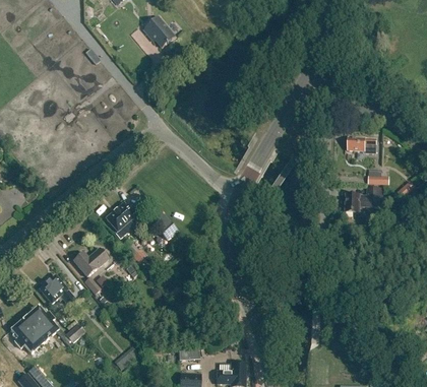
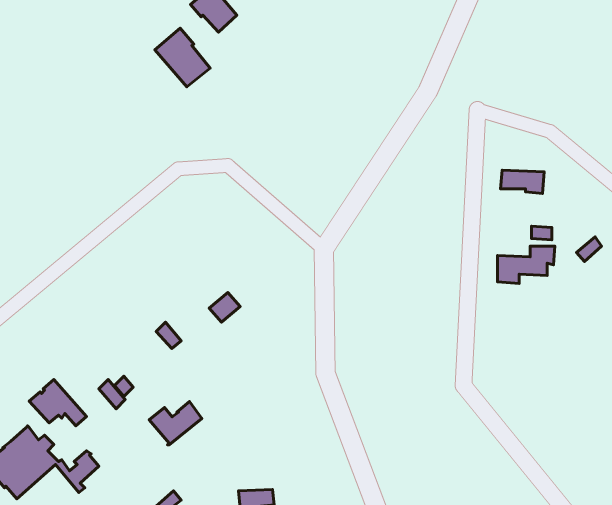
building: none -> [155,28,210,87]
building: [106,202,135,238] -> none
building: [73,247,108,275] -> [149,401,202,445]

